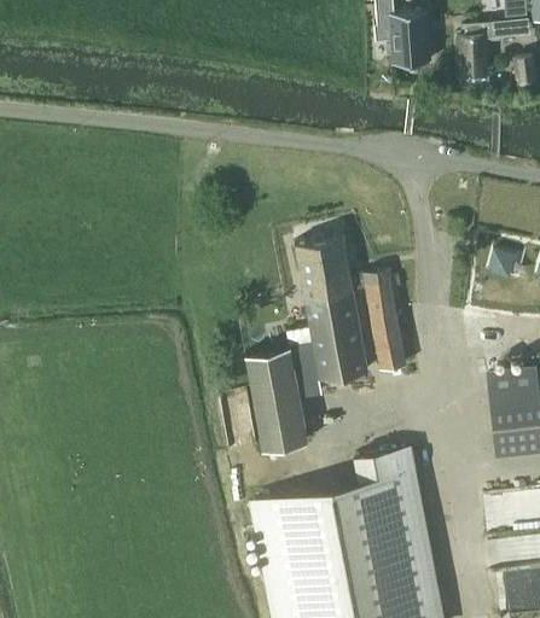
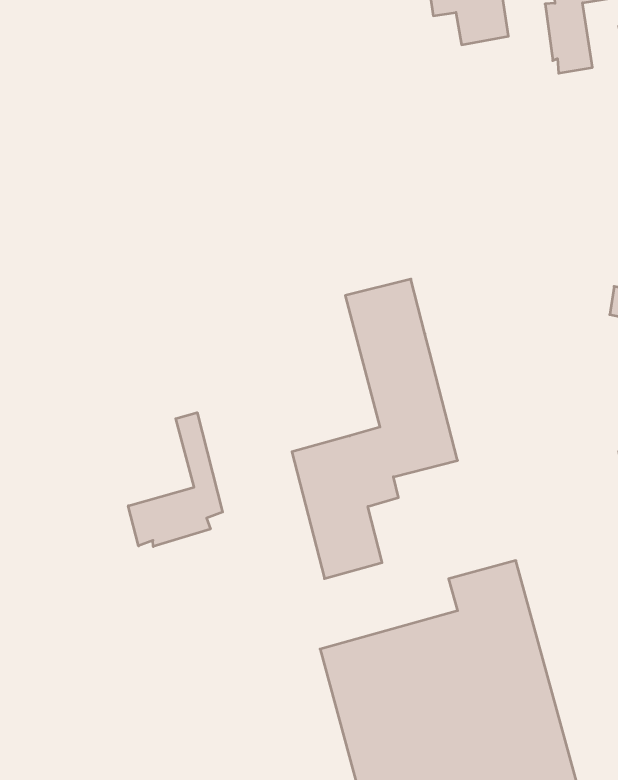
building: [350,269,406,371] -> none
building: none -> [128,413,223,547]

